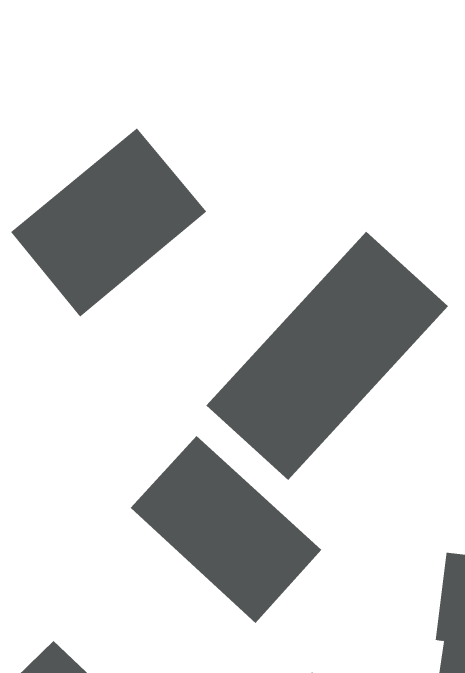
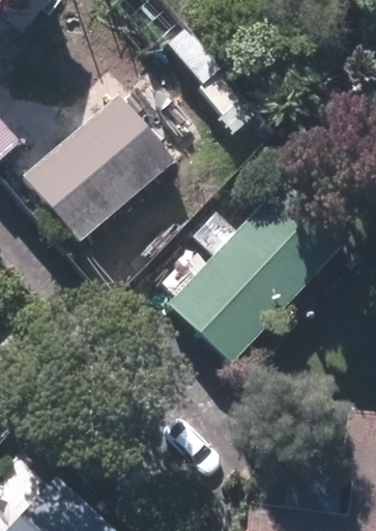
building: [130,435,322,624] -> none

